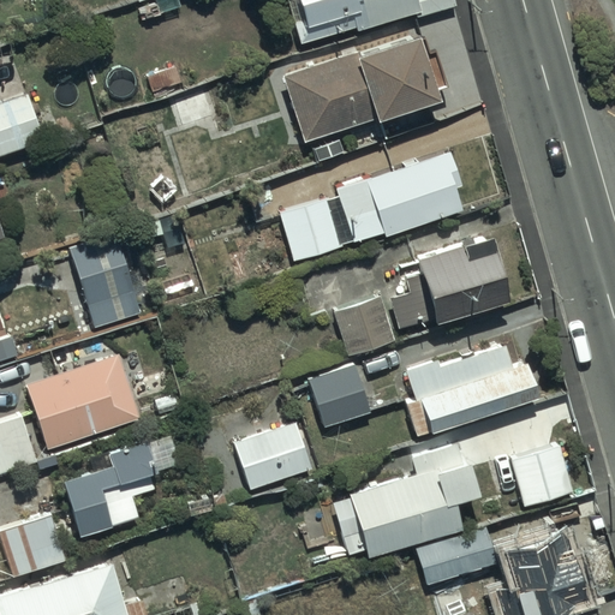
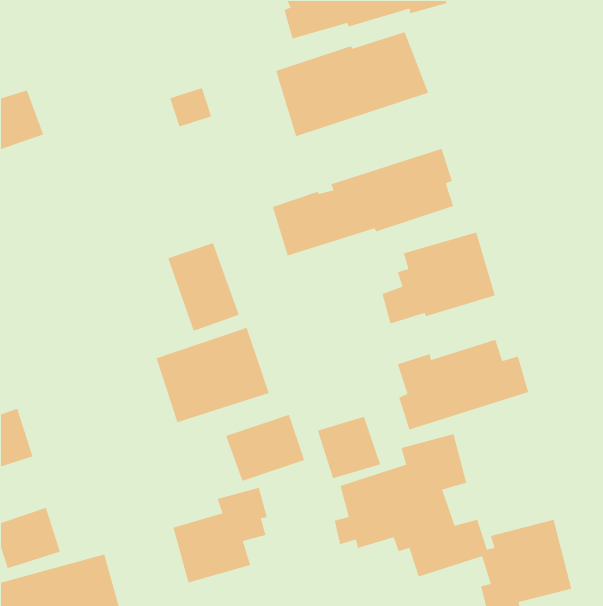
building: [70,237,143,327] -> [167,242,240,332]
building: [334,295,399,358] -> none
building: [28,353,143,450] -> [155,327,270,423]
building: [310,364,375,428] -> [317,416,381,479]
building: [62,438,159,536] -> [172,487,268,583]
building: [513,443,575,504] -> none

